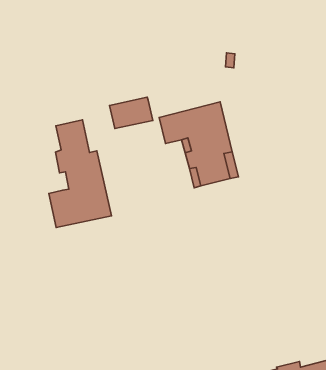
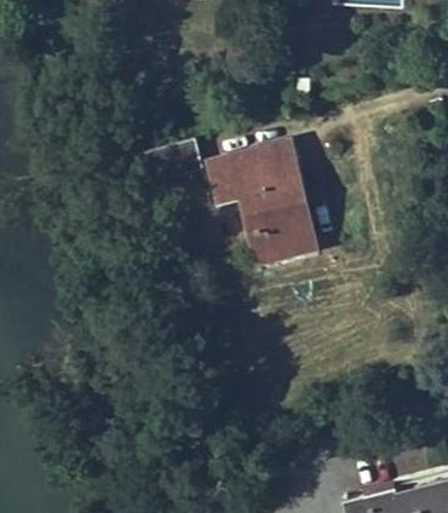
building: [49,120,112,227] -> none

